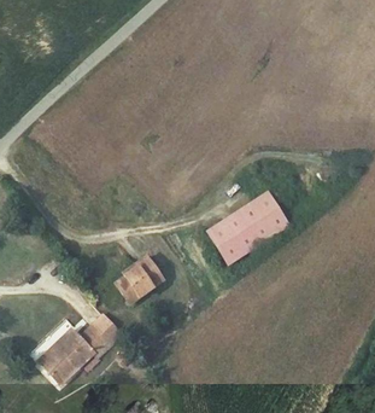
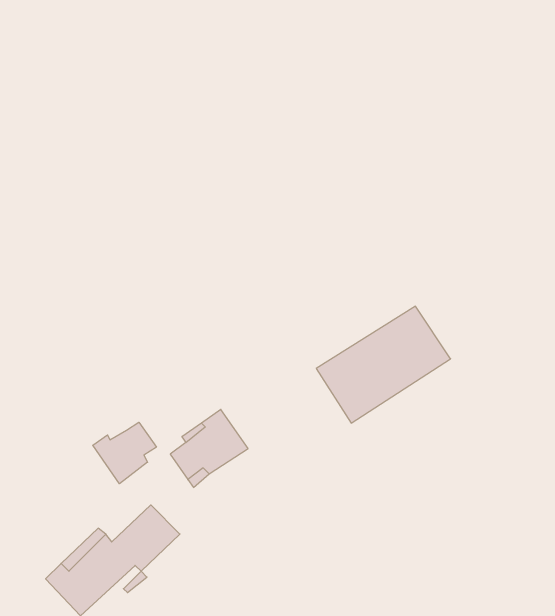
building: none -> [93,422,156,484]

